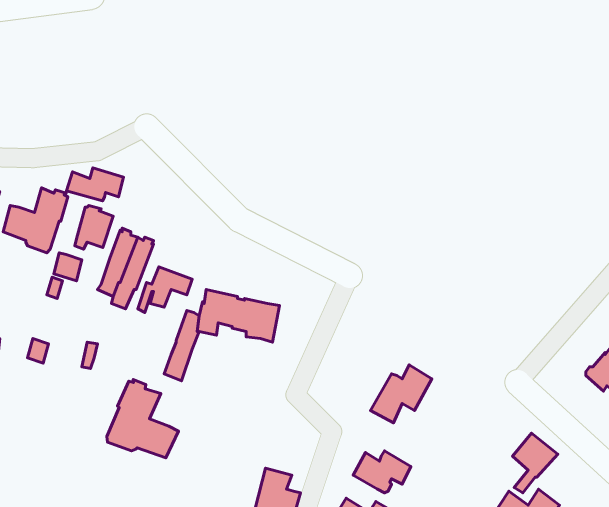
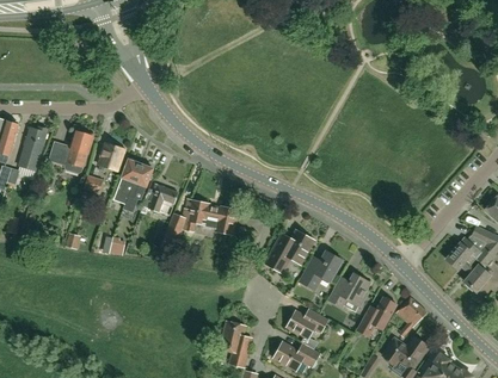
building: [67,168,123,201] -> none
building: none -> [265,230,314,272]
building: [107,380,179,458] -> none
building: none -> [328,273,370,306]
building: none -> [356,296,396,334]

